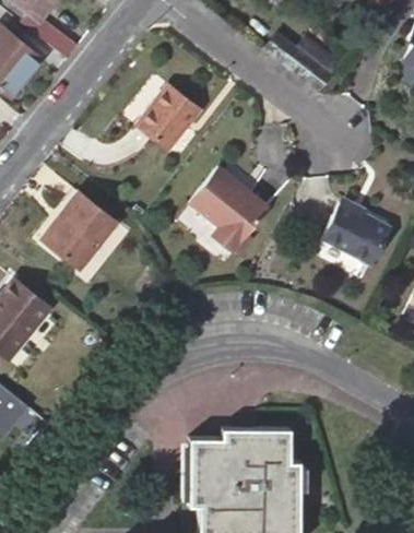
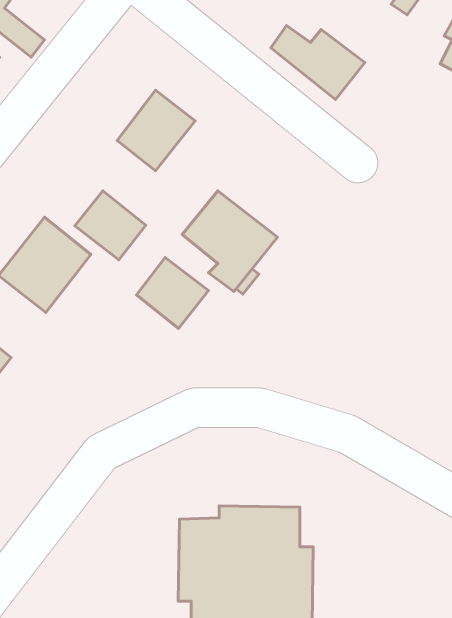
building: none -> [75,191,146,260]
building: [324,201,390,262] -> none
building: none -> [136,257,208,328]

